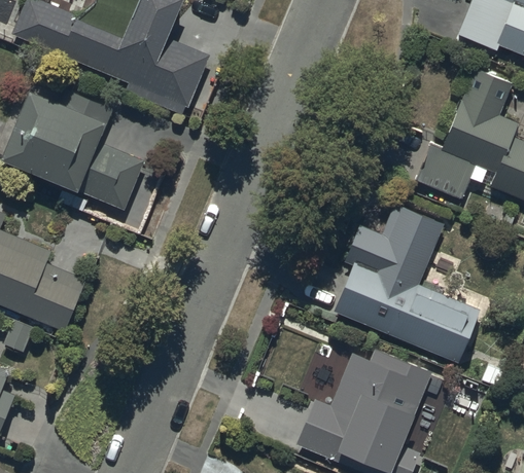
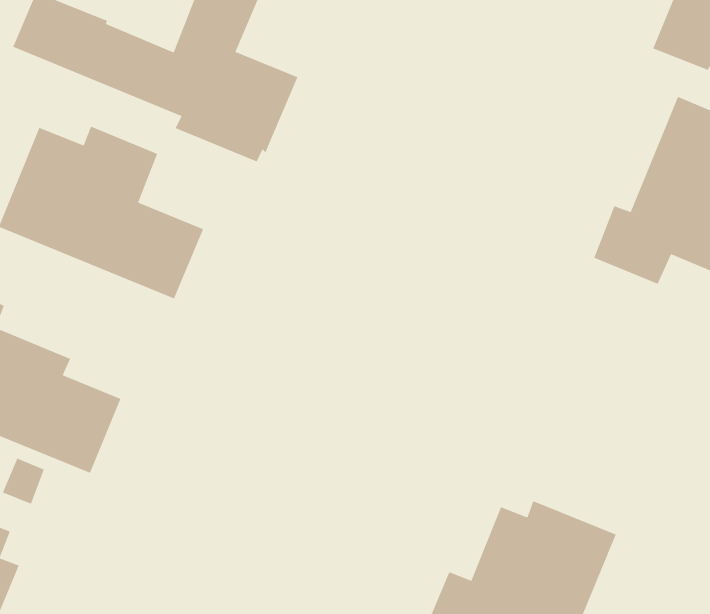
building: [334,204,480,363] -> none

